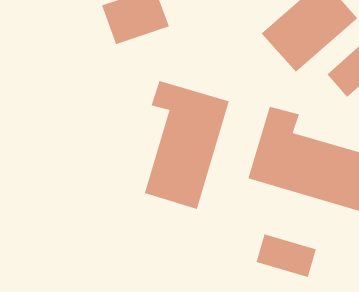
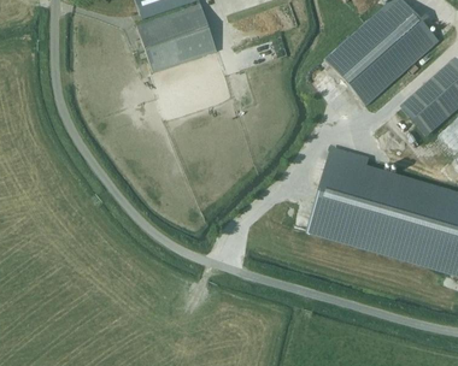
building: [144,80,229,210] -> none
building: [256,233,316,278] -> none

